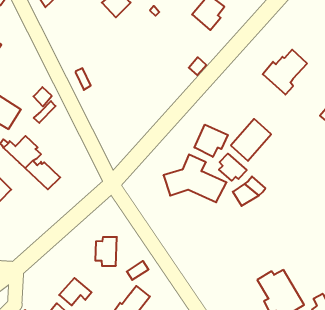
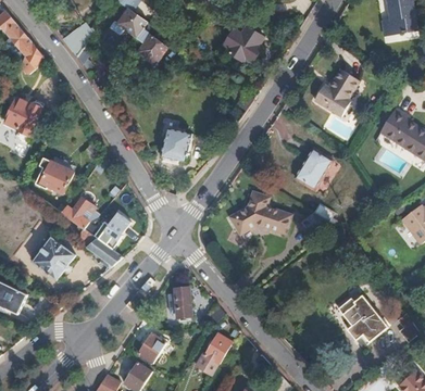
building: none -> [162,128,188,160]
building: [194,125,228,157] -> none
building: [219,154,247,181] -> none
building: none -> [76,225,124,267]

